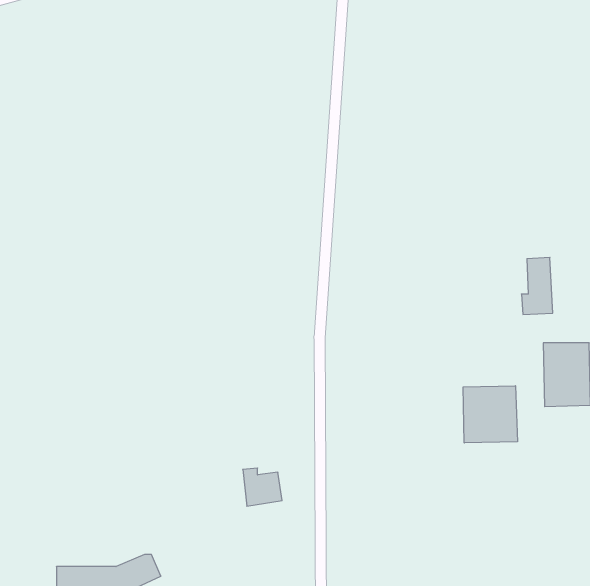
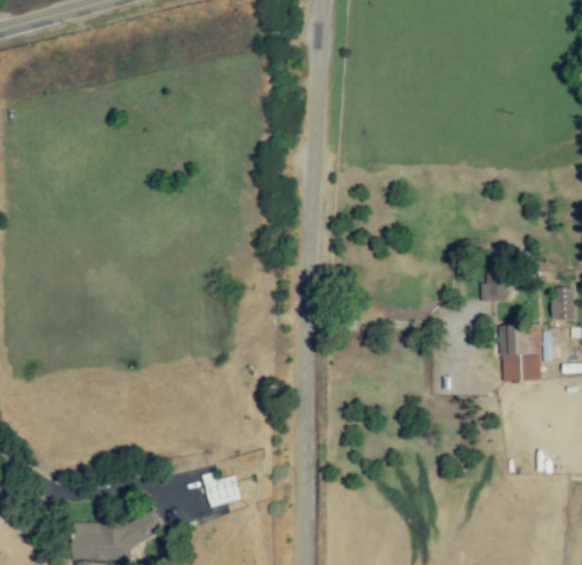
building: [463,386,517,443] -> none
building: [243,468,282,506] -> [205,472,239,506]

